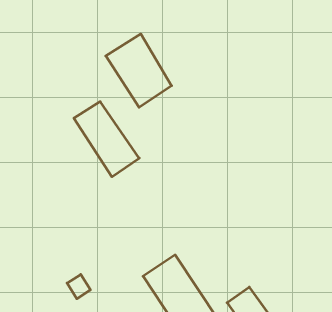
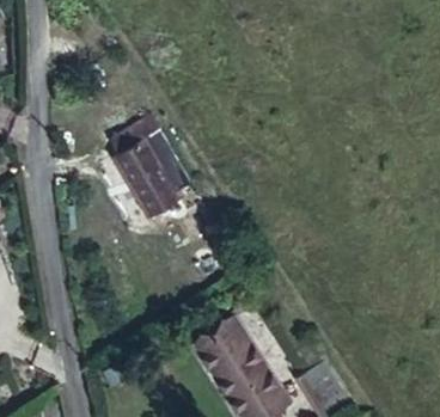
building: [106,34,172,107] -> none

